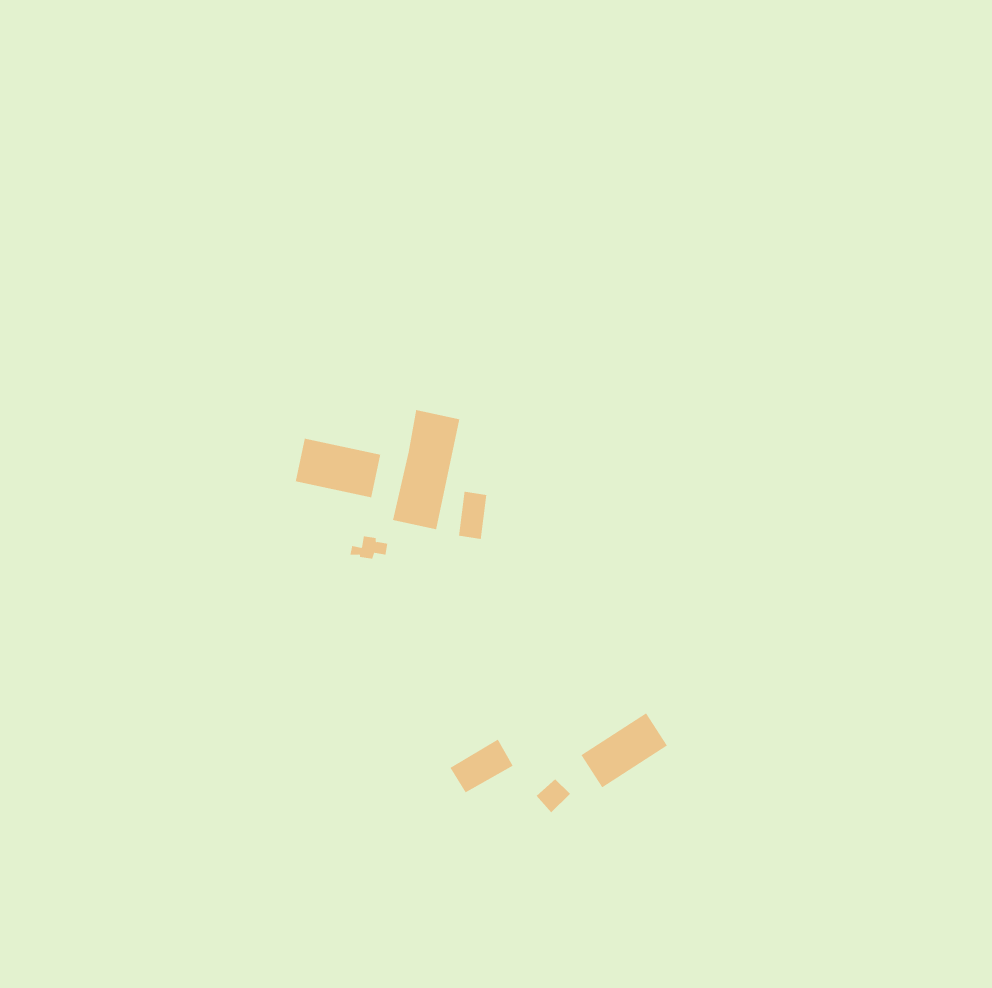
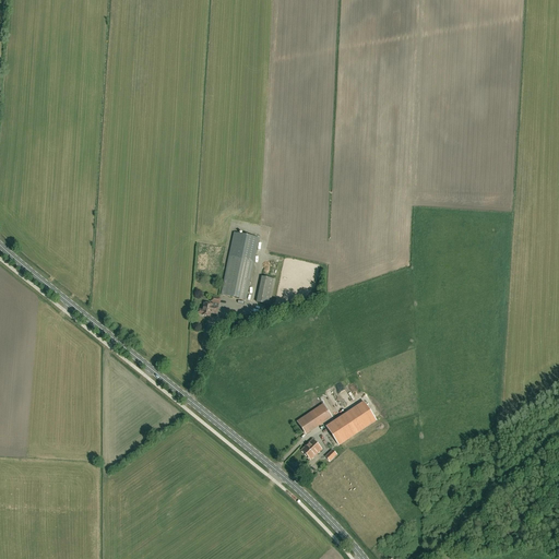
building: [295,438,381,498] -> none
building: [450,739,514,793] -> [296,404,332,435]

